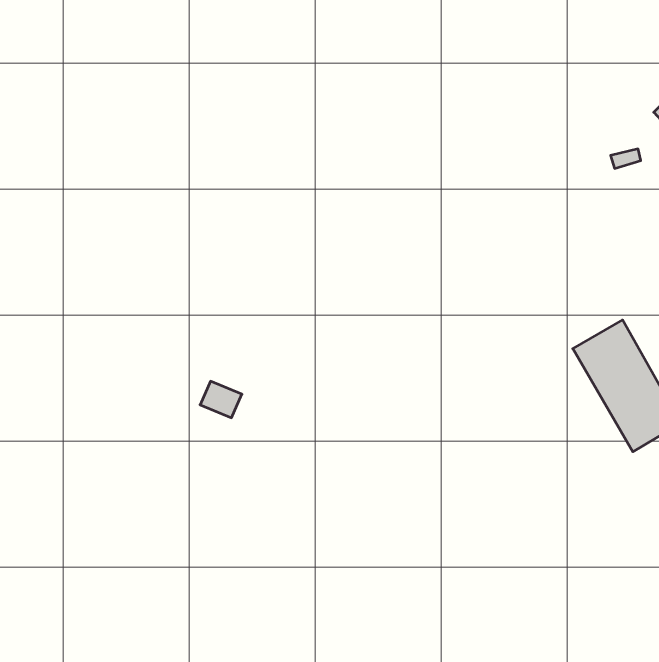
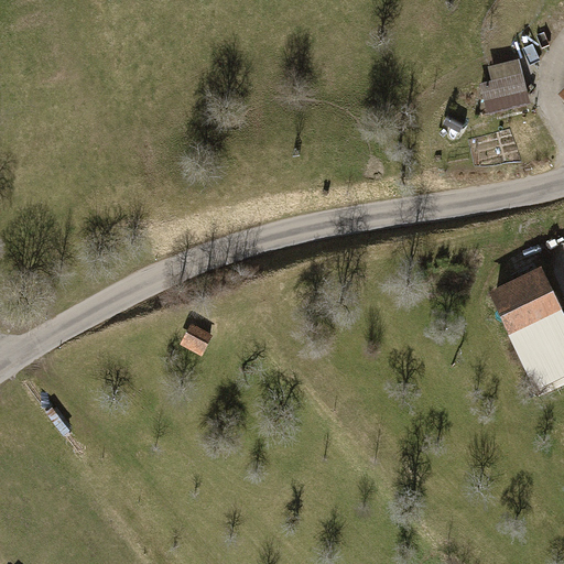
building: none -> [480,58,532,115]

